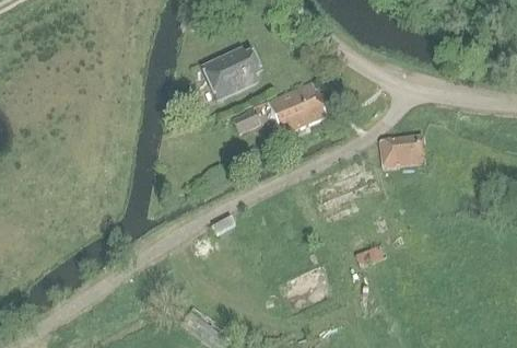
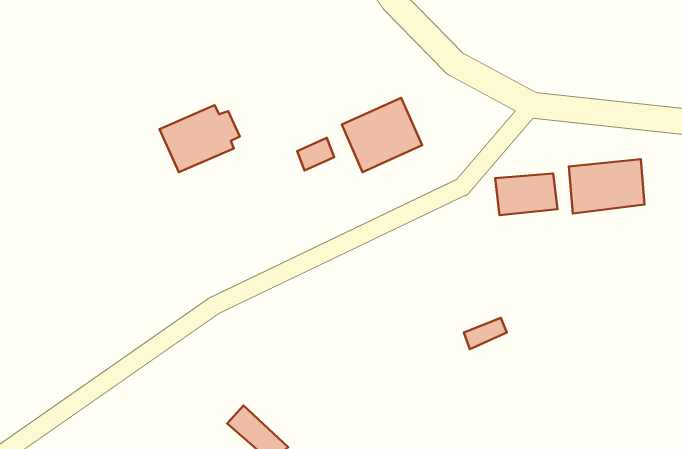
building: [201,50,260,100] -> [160,105,240,172]
building: none -> [569,159,644,214]

